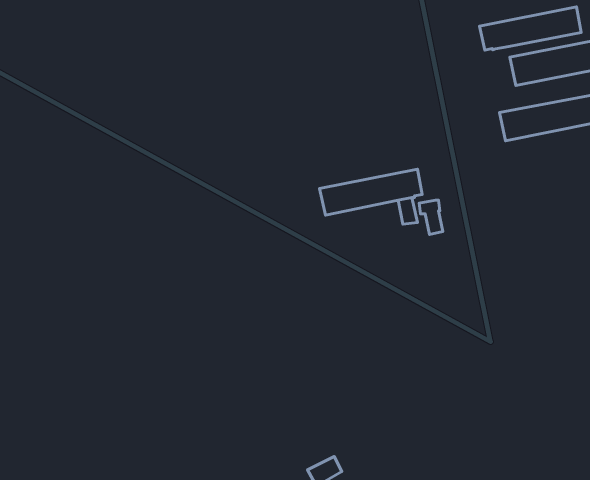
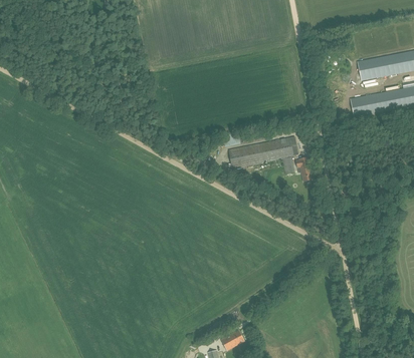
building: [480,7,581,50] -> none

